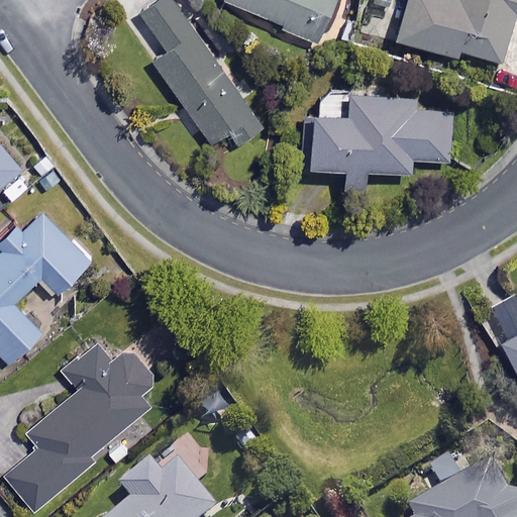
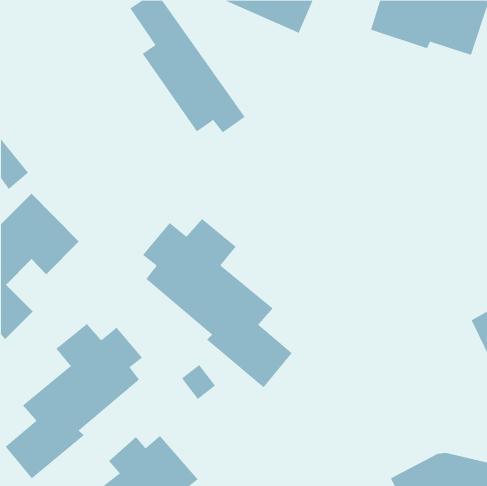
building: [303,95,454,172] -> none
building: none -> [142,218,292,388]

